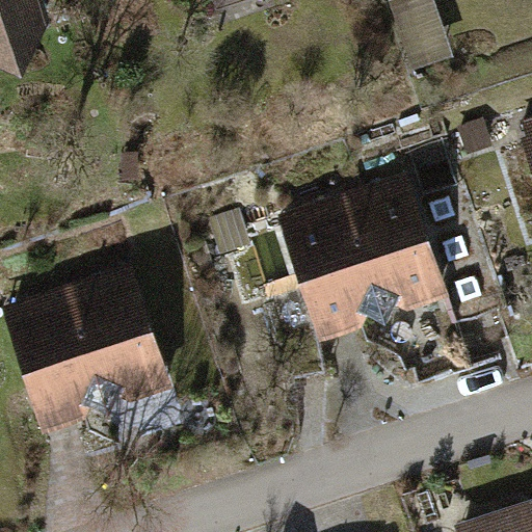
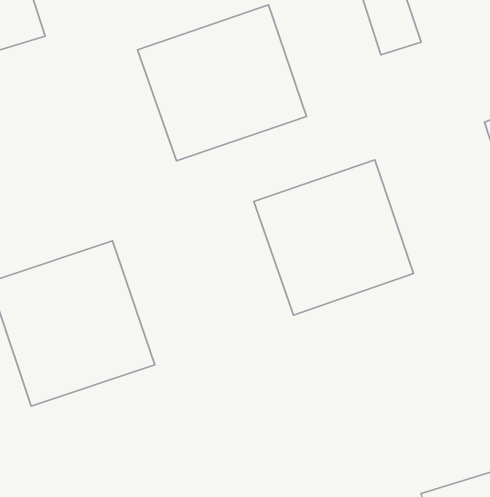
building: none -> [138,5,306,161]

